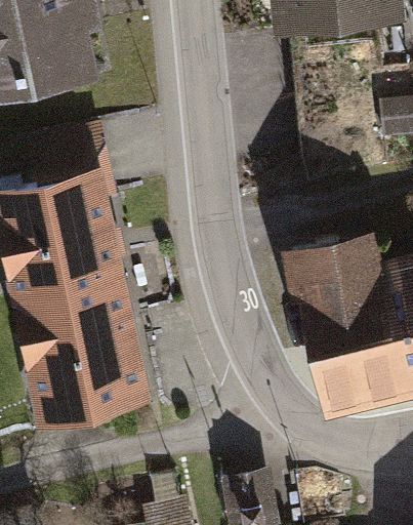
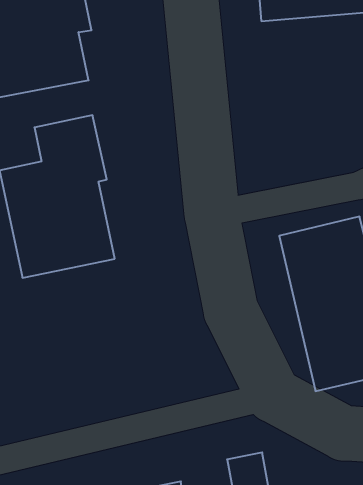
building: [26,273,147,412] -> none

